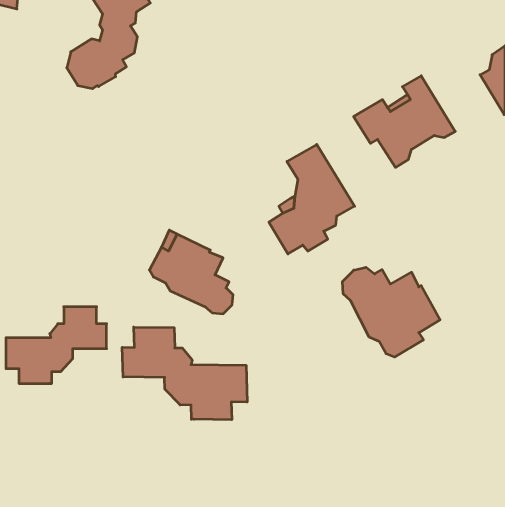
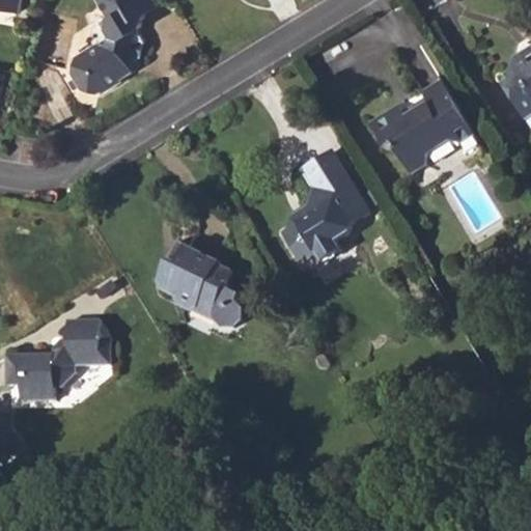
building: [342,267,440,357] -> none
building: [122,327,247,420] -> none

